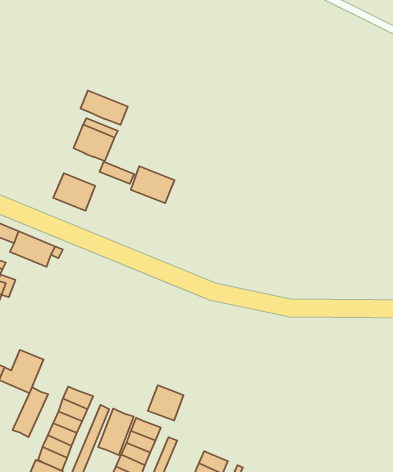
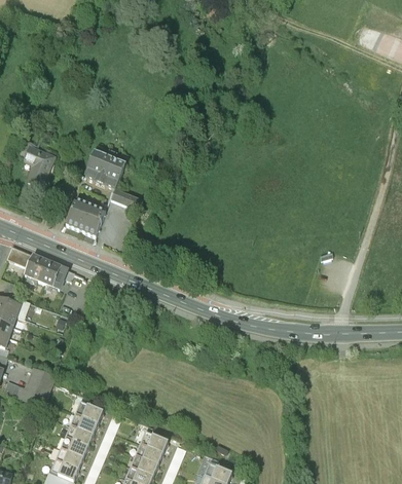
building: [80,90,128,125] -> none
building: none -> [23,145,53,184]
building: [131,166,175,203] -> none
building: [148,385,183,420] -> none
building: [13,387,48,437] -> none
building: [98,409,134,455] -> none

